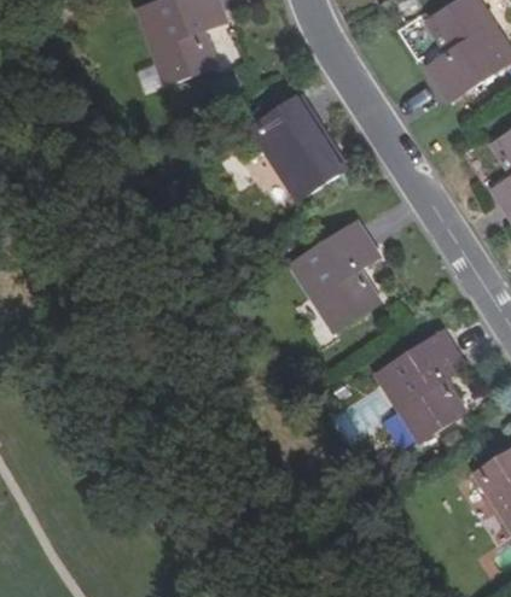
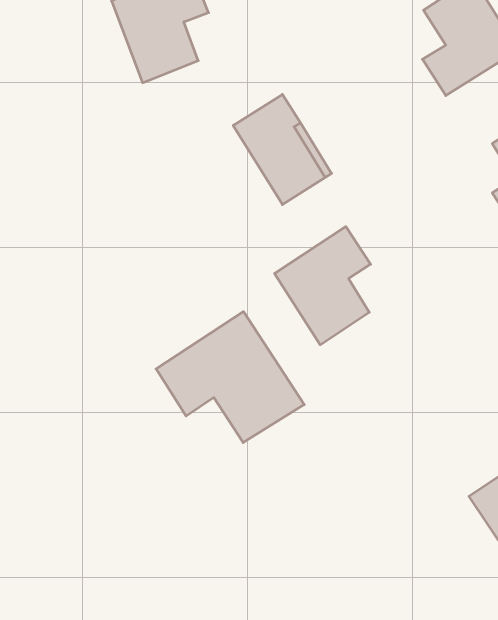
building: none -> [156,312,304,443]
building: [374,333,465,443] -> none

